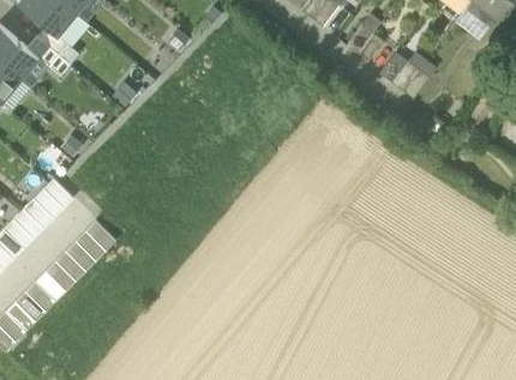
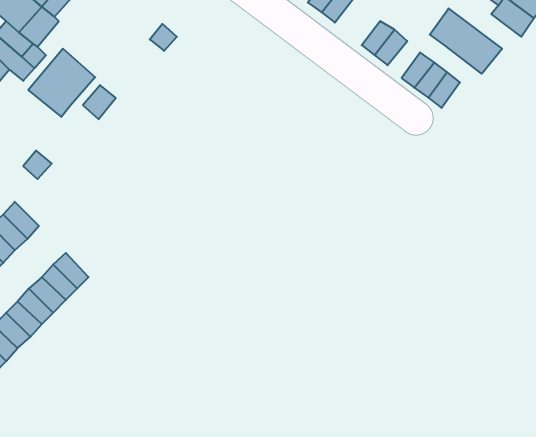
building: none -> [430,8,502,74]
building: none -> [28,49,95,117]

